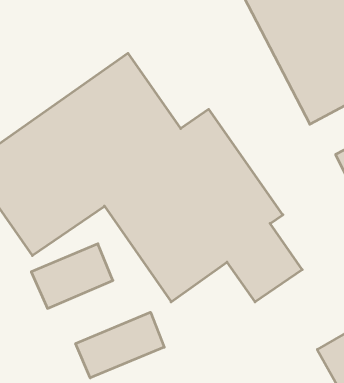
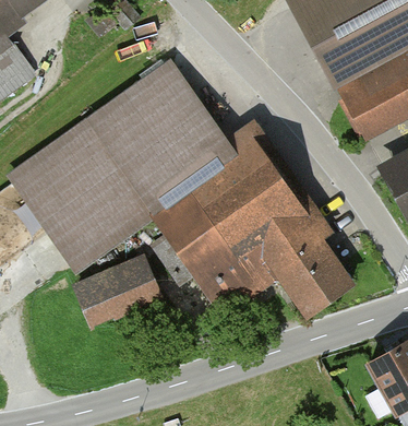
building: [76,312,164,378] -> none

